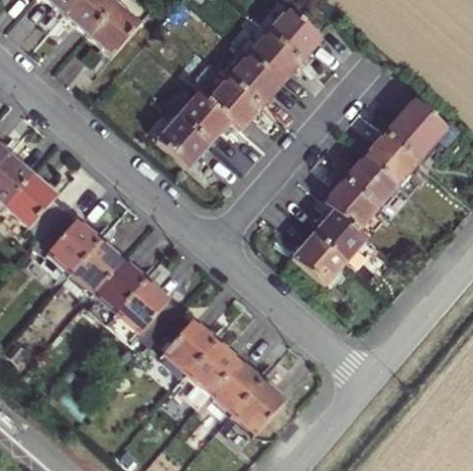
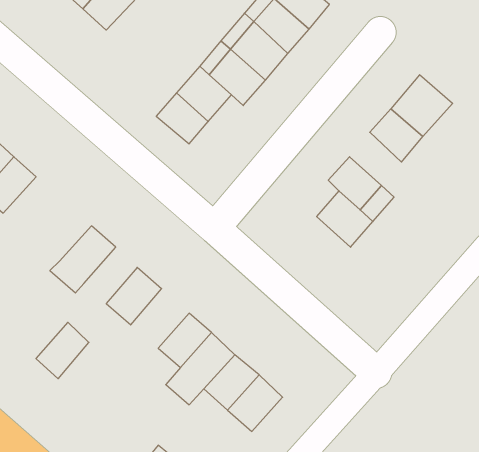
building: [347,150,396,201] -> none
building: [34,207,102,272] -> none
building: [298,230,348,279] -> none
building: [95,259,145,313] -> [36,322,89,379]

